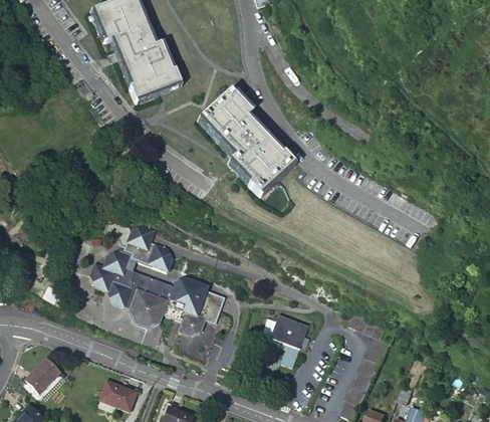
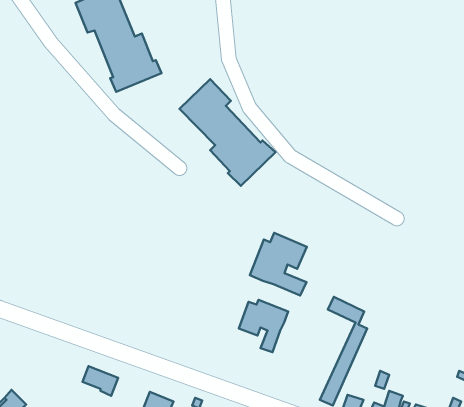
building: [91,217,227,337] -> none
building: none -> [250,233,307,296]
building: [26,358,61,393] -> none

